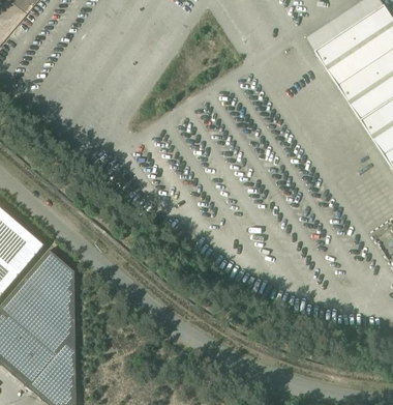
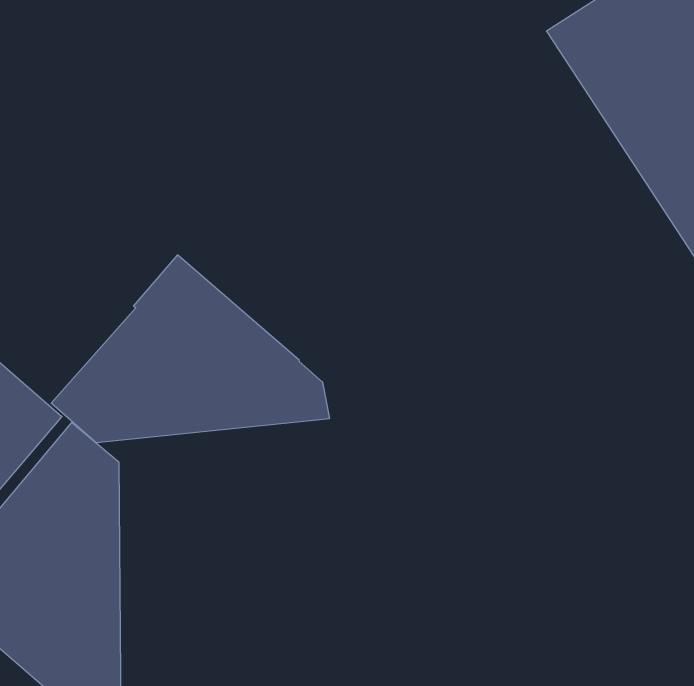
building: none -> [51,255,329,443]

